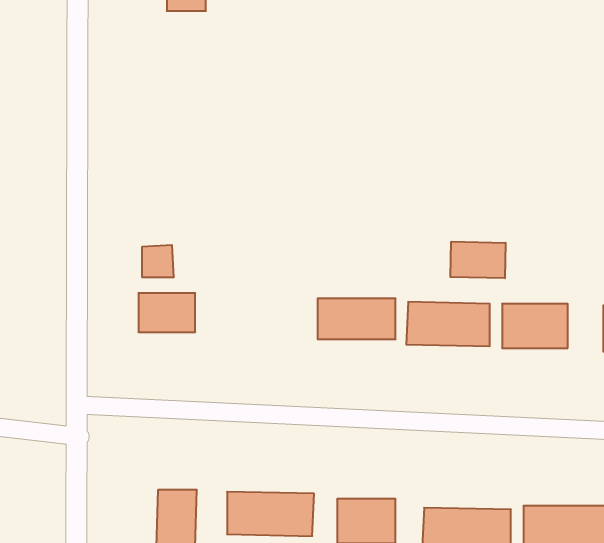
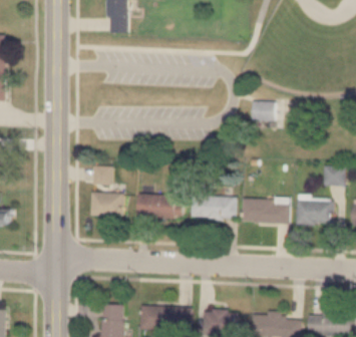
building: none -> [251,101,274,122]
building: [450,242,506,278] -> none
building: none -> [136,194,182,219]

